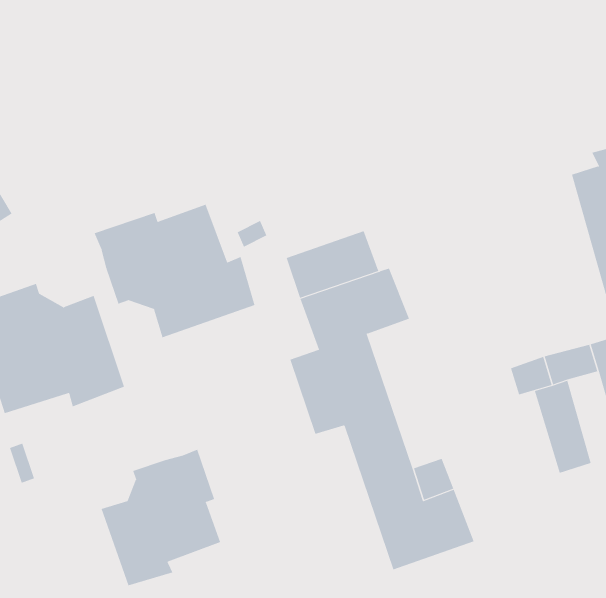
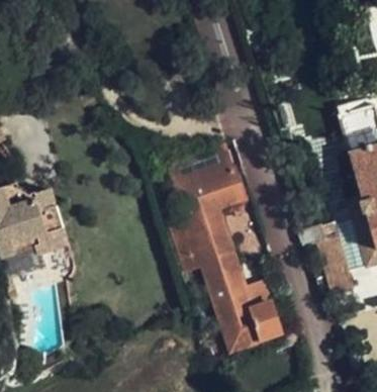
building: [94,204,255,338] -> none
building: [101,449,221,586] -> none

